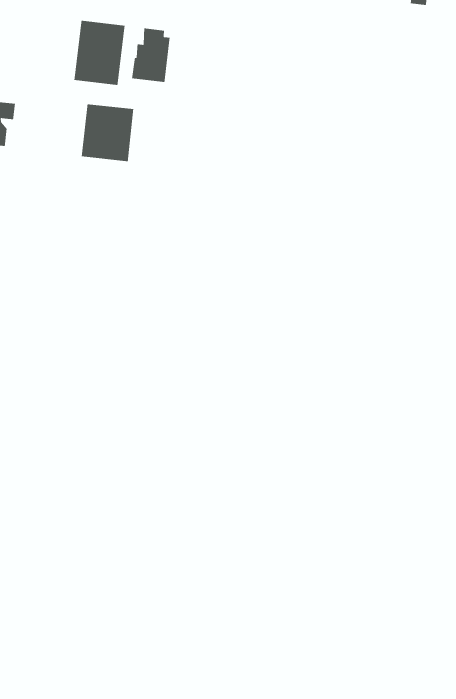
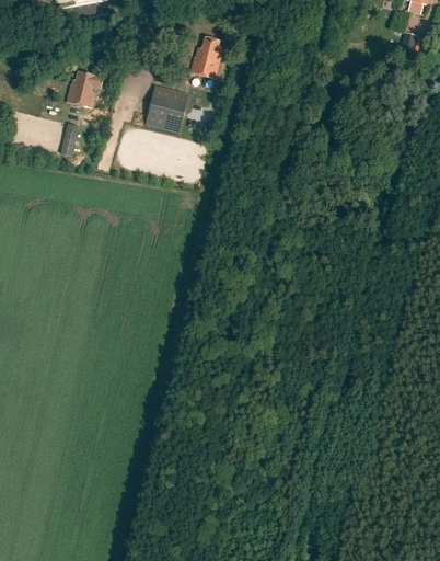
building: [74,20,126,86] -> none

